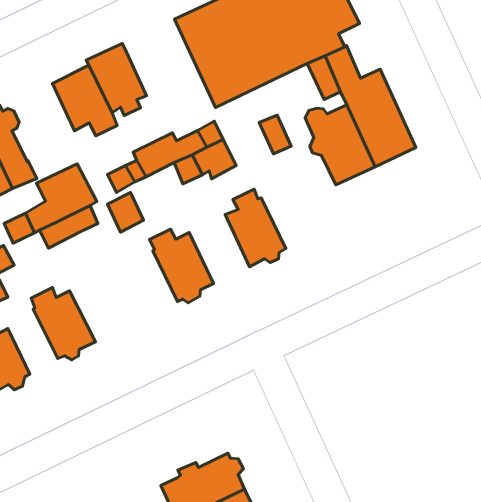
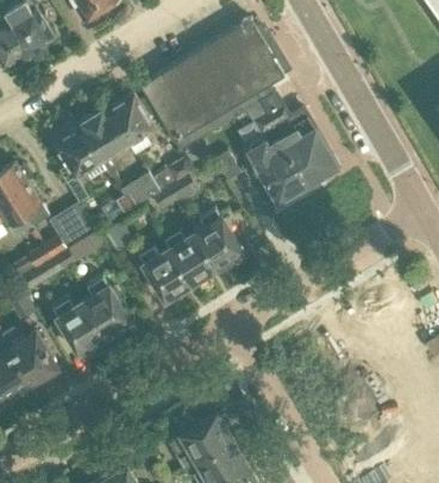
building: none -> [107,95,155,146]
building: none -> [165,231,219,284]
building: none -> [83,280,133,338]

